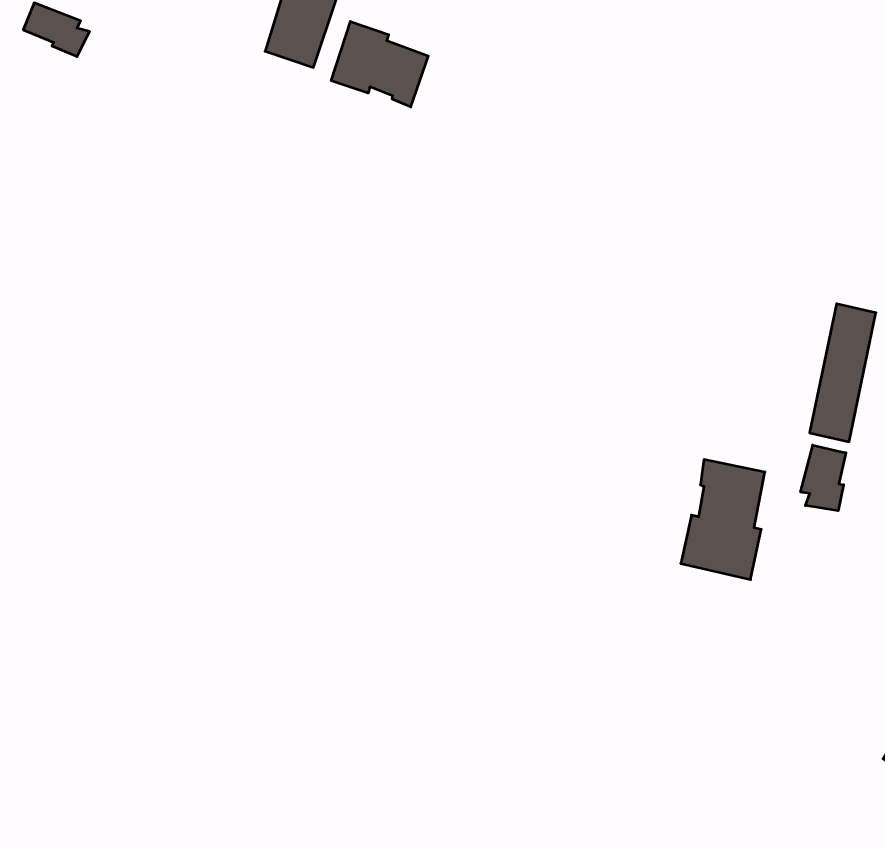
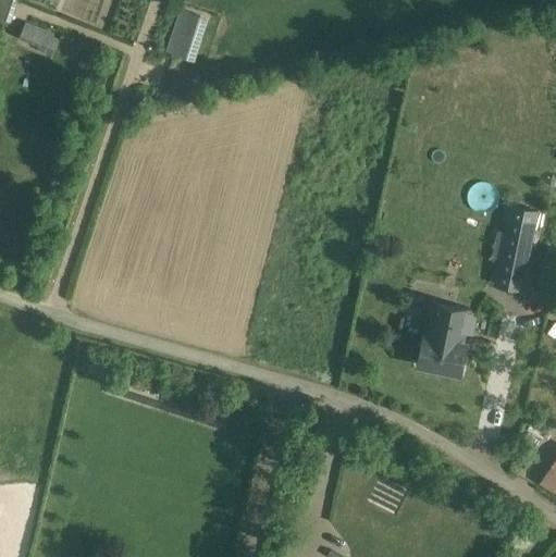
building: [331,21,428,107] -> none
building: [801,445,846,511] -> none

